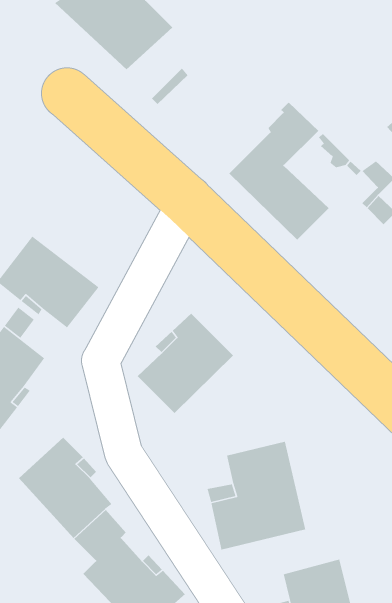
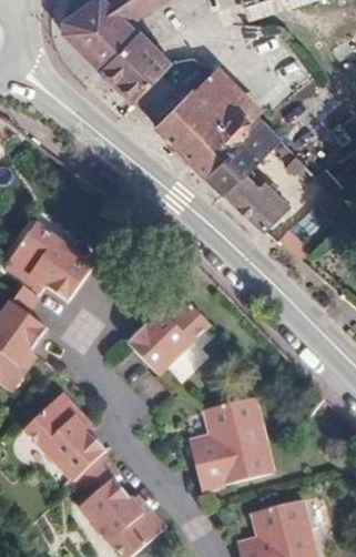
building: none -> [116,44,175,101]
building: none -> [156,67,256,170]

